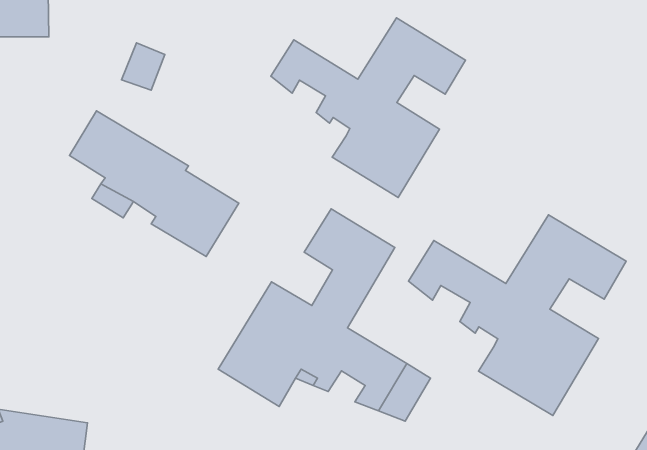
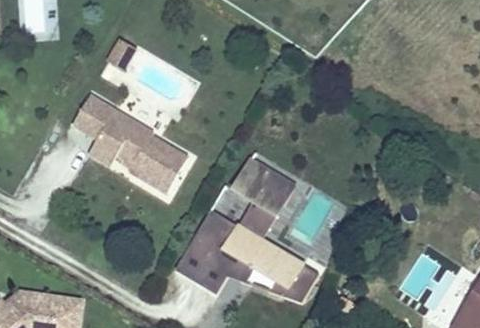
building: [271,18,465,197] -> none
building: [409,215,626,415] -> none

